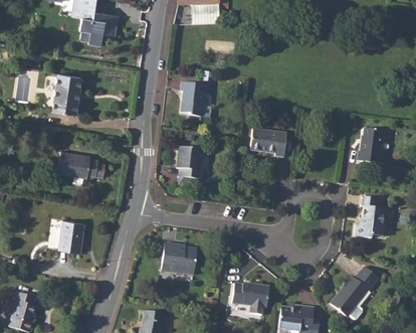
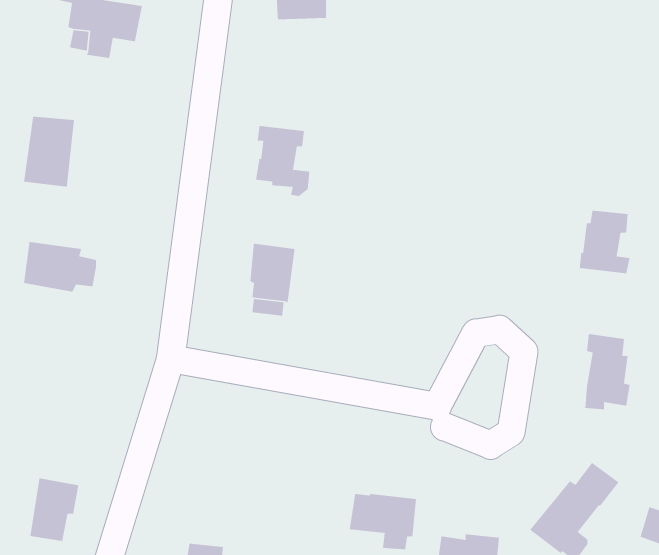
building: [250,128,287,157] -> none
building: [47,216,74,252] -> [30,478,79,542]
building: [162,242,198,274] -> none

